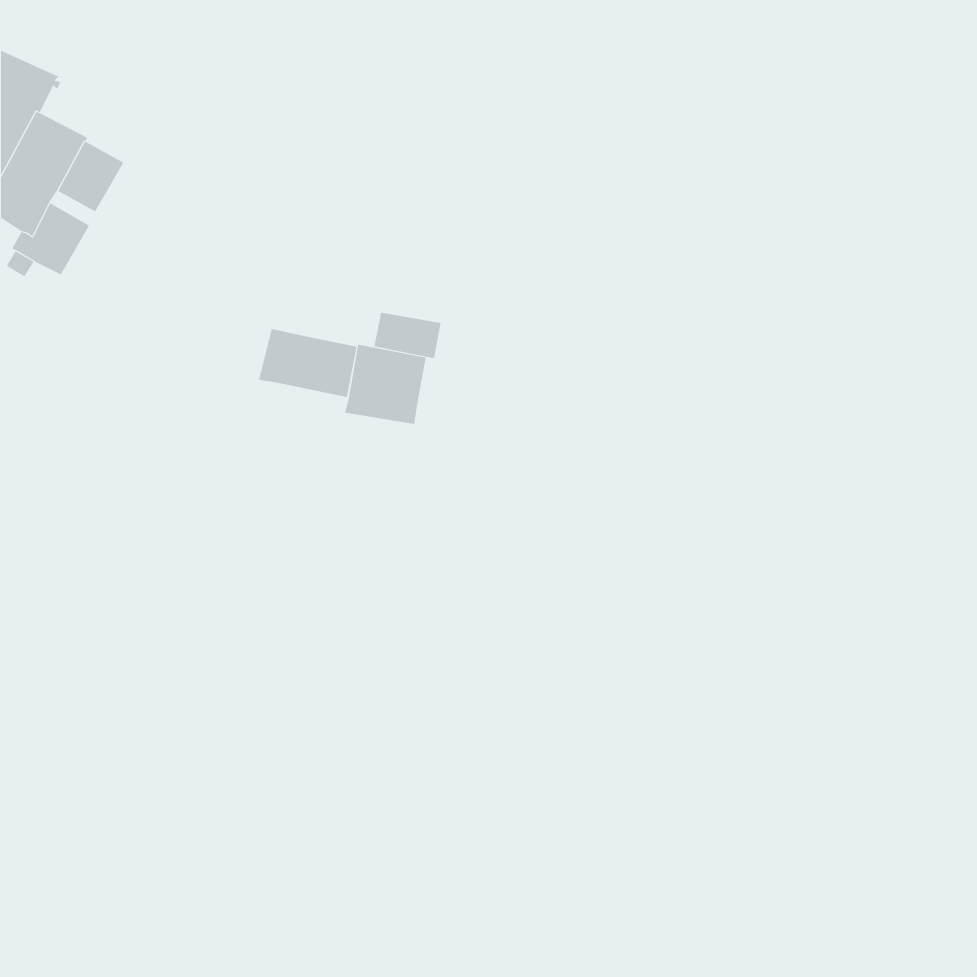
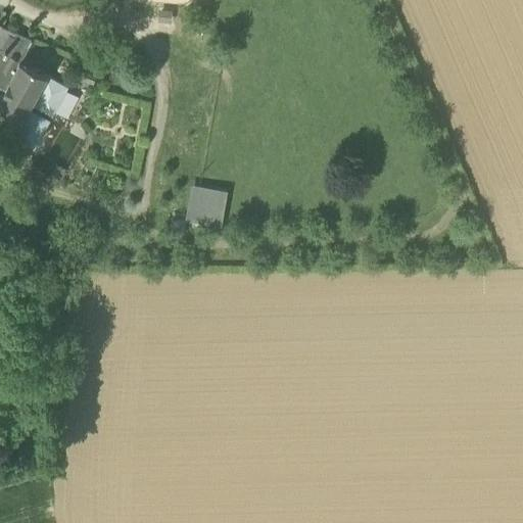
building: [374,312,441,359] -> none
building: [259,328,357,398] -> none

